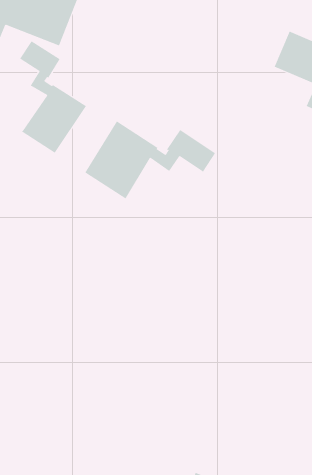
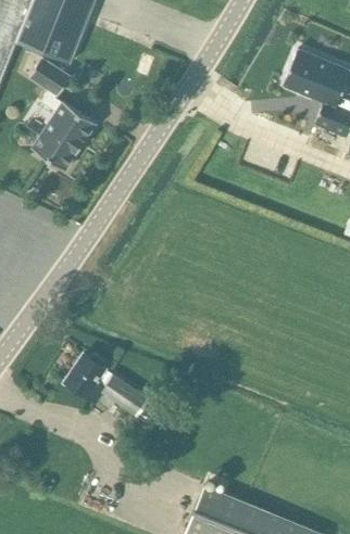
building: [85,120,216,200] -> none
building: none -> [64,353,158,419]

